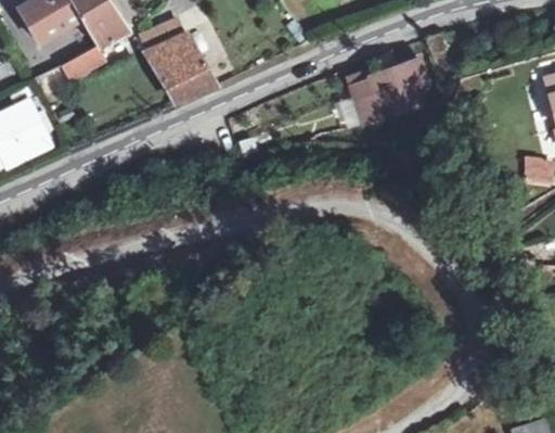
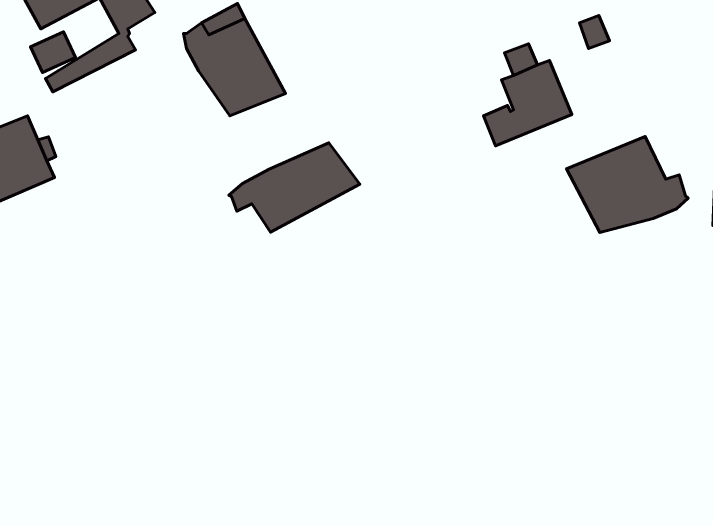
building: none -> [566,137,688,232]
building: none -> [229,143,360,232]

